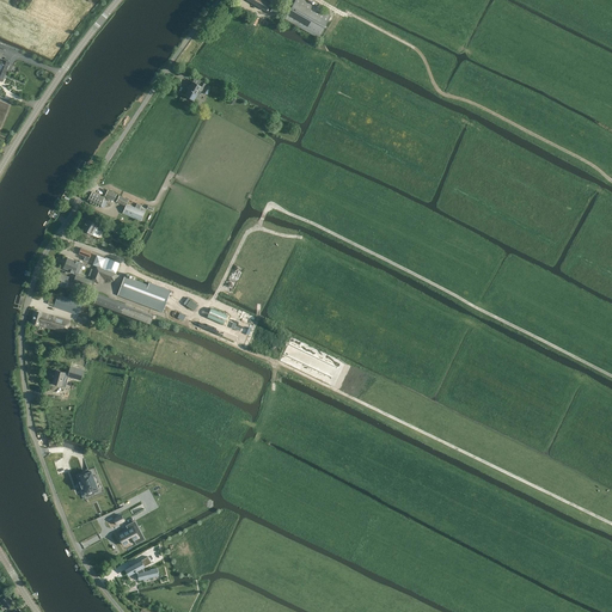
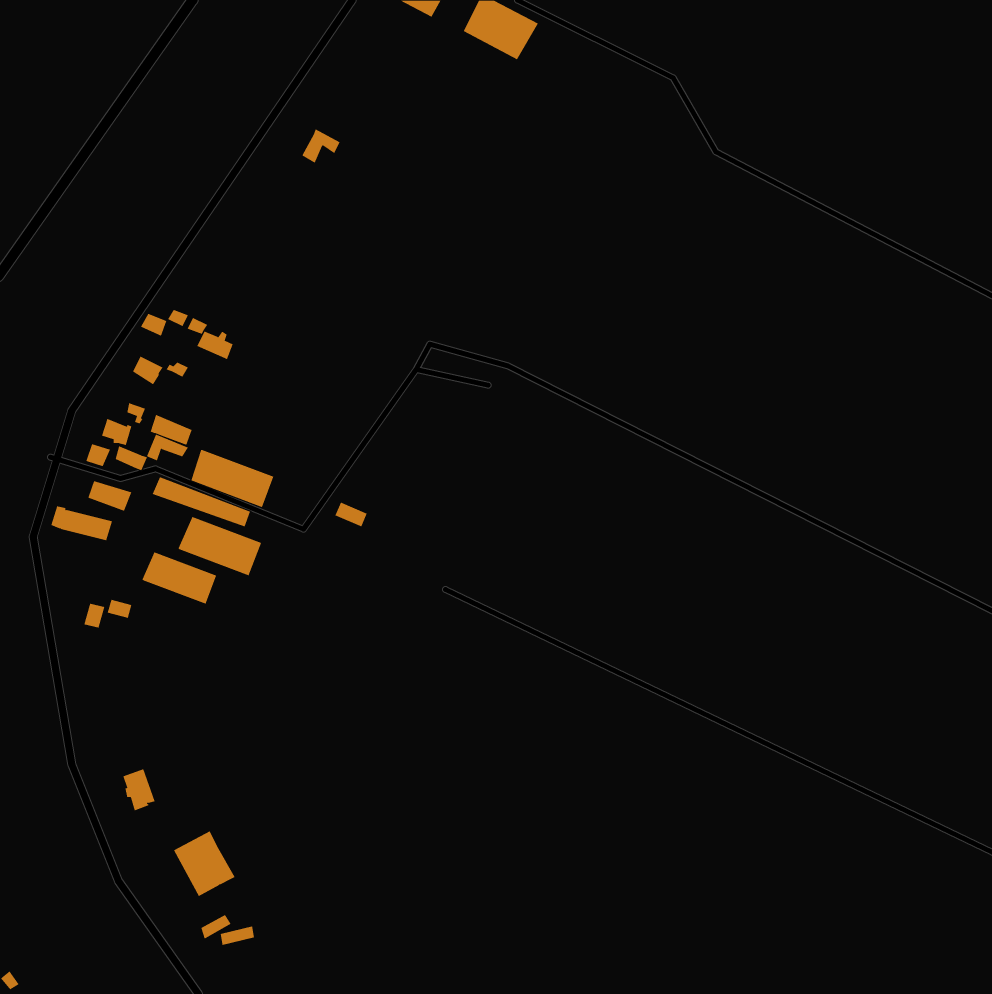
building: none -> [178,516,262,576]
building: none -> [142,552,217,604]

